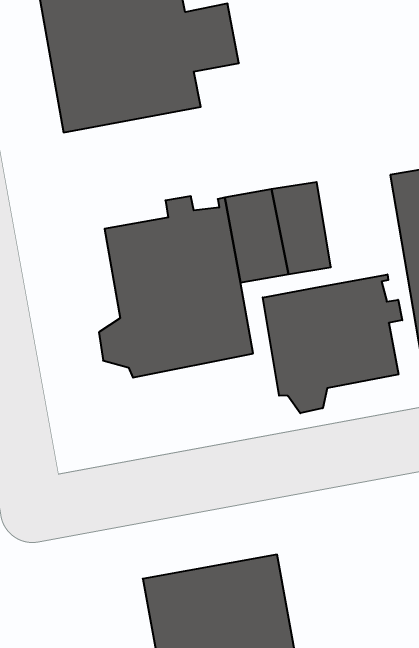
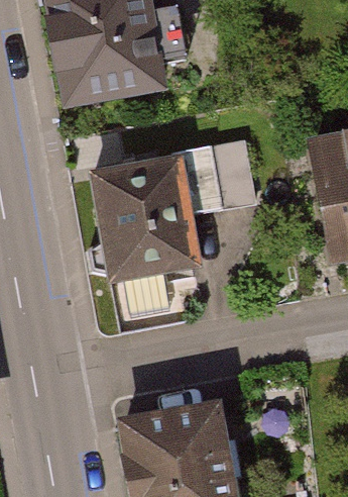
building: [263,274,402,413] -> none

